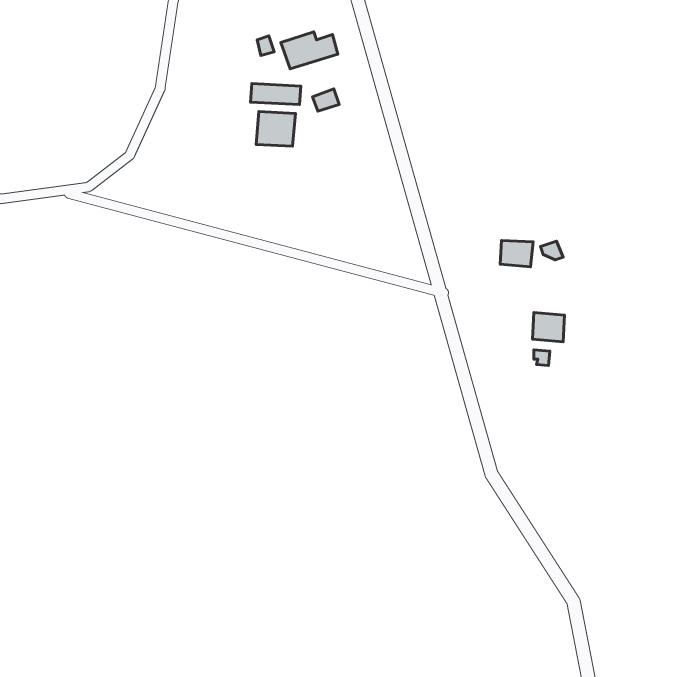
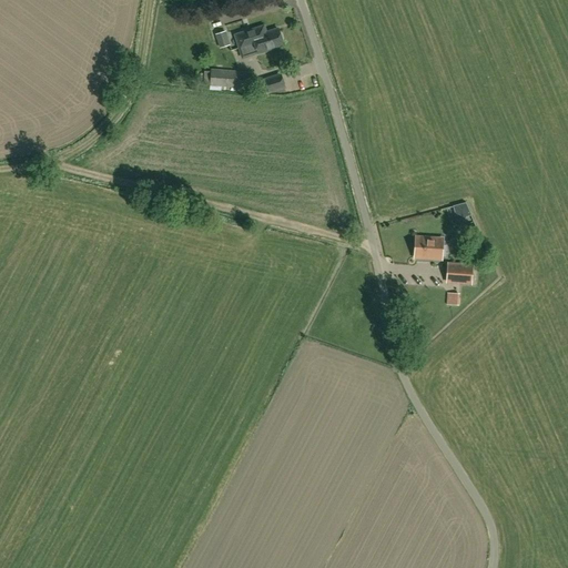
building: [256,111,295,146] -> none
building: [500,240,533,267] -> [415,237,443,260]

